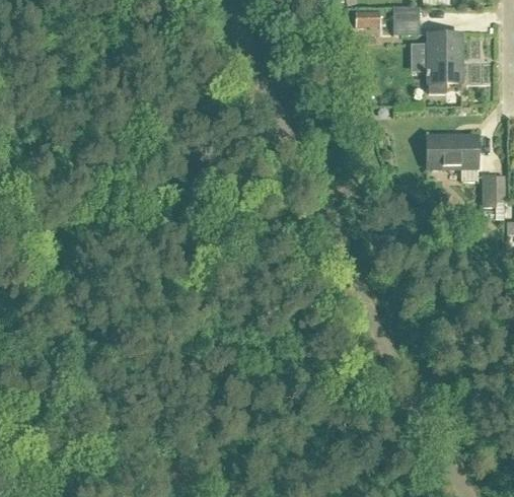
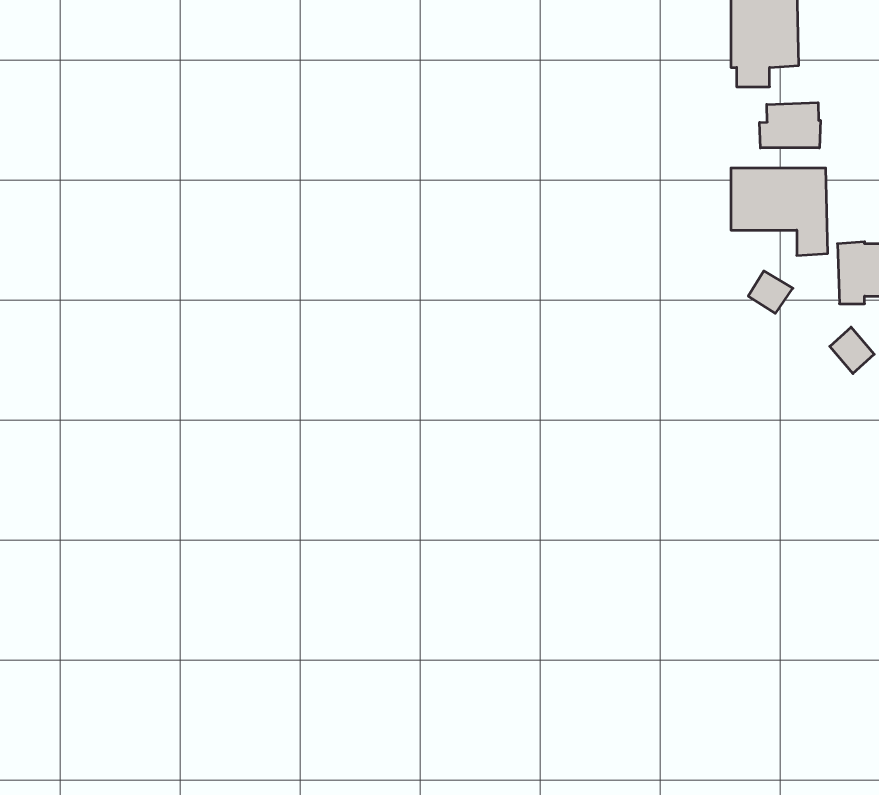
building: none -> [760,103,820,148]

